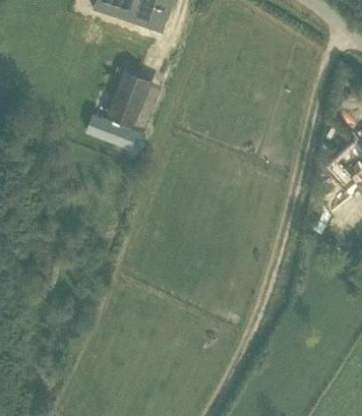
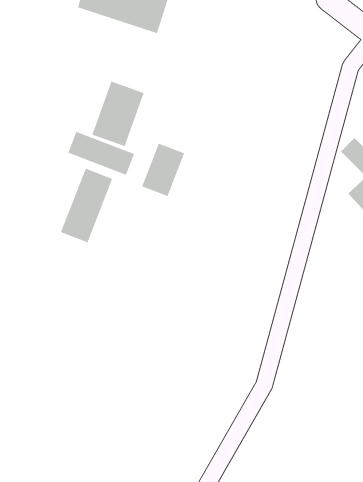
building: none -> [142,143,185,197]
building: none -> [60,168,113,243]

